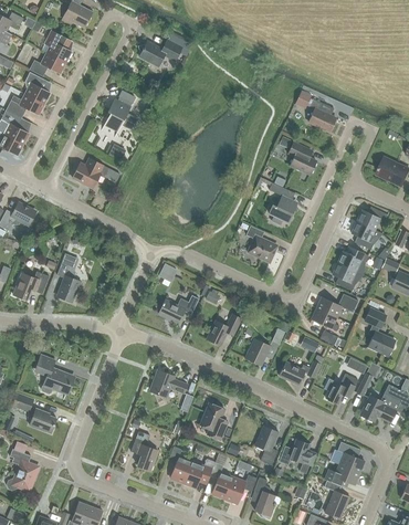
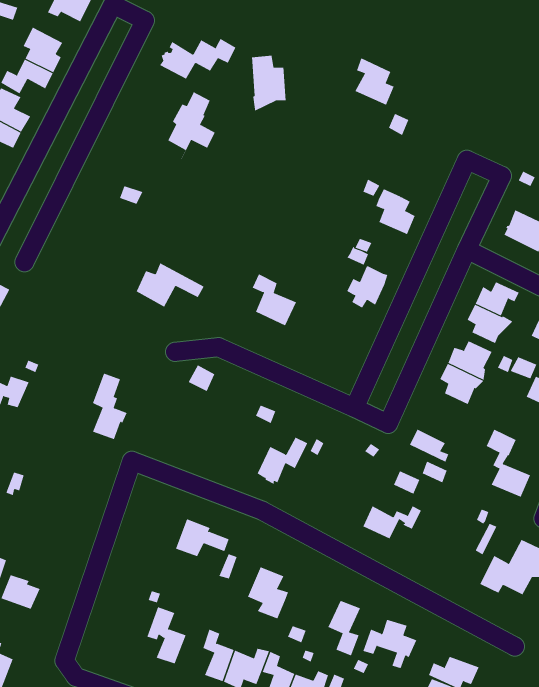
building: none -> [251,55,286,111]
building: [104,90,137,137] -> [167,91,215,160]
building: [307,97,335,130] -> [354,58,394,106]
building: [72,157,119,188] -> [136,263,205,307]
building: [245,224,276,261] -> [252,273,297,326]
building: [56,253,81,300] -> [92,373,127,440]
building: [316,293,357,317] -> none
building: [158,294,198,324] -> none
building: [245,327,284,365] -> none
building: [33,355,72,392] -> none
building: [325,372,357,403] -> none
building: [336,441,364,472] -> none

